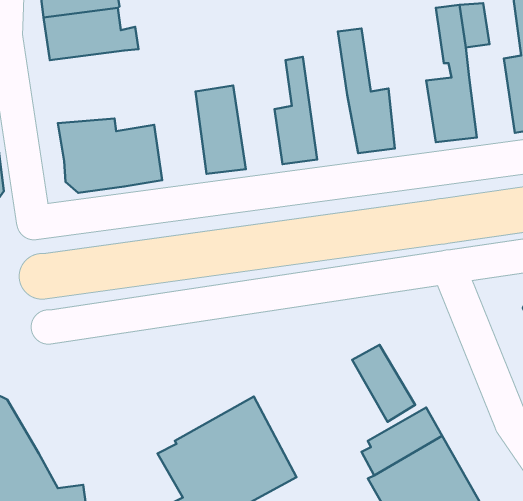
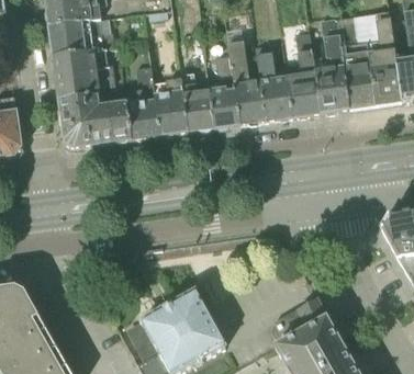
building: none -> [227,27,268,125]
building: none -> [288,42,322,117]
building: none -> [54,49,116,100]
building: none -> [345,55,377,110]
building: none -> [125,66,163,139]
building: none -> [181,72,215,132]
building: [352,345,415,422] -> none

